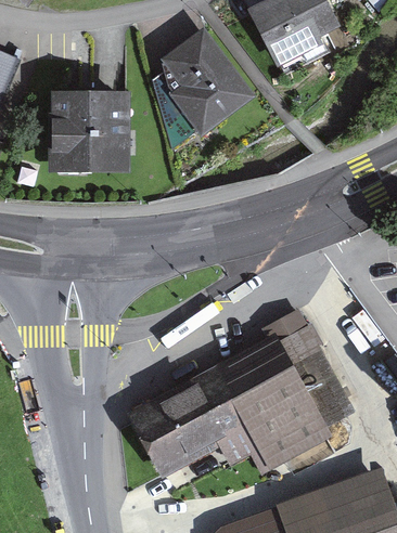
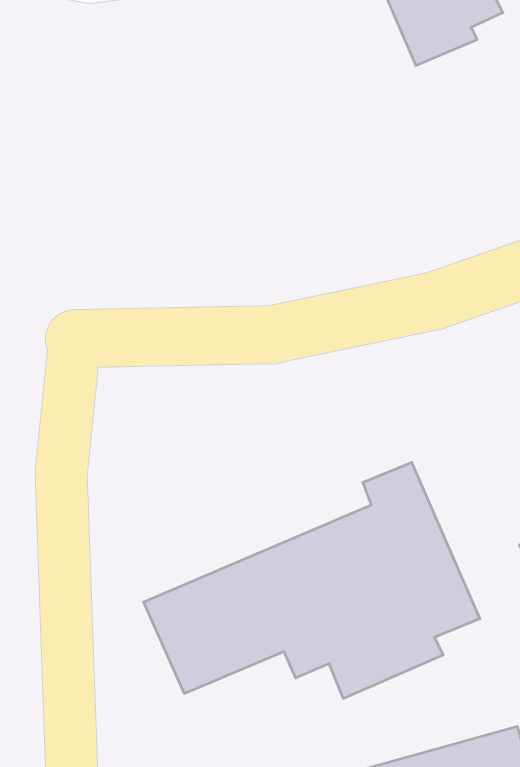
building: [165,32,248,129] -> none
building: [57,93,124,162] -> none

